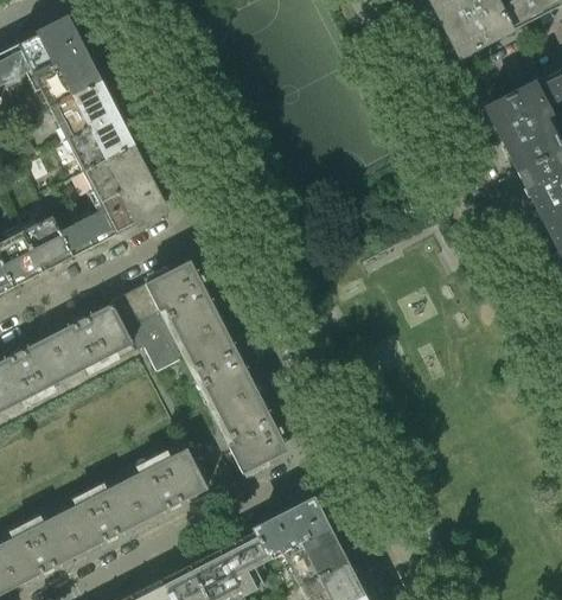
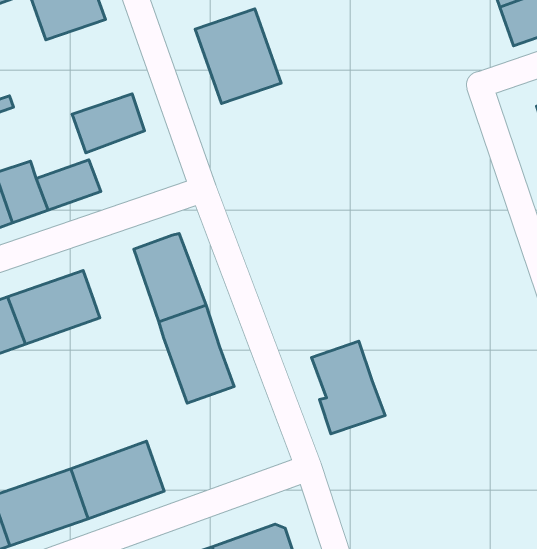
building: [50,83,132,170] -> [195,9,281,104]
building: [98,175,165,234] -> none
building: [103,280,189,370] -> none
building: [217,388,288,472] -> [312,341,385,434]

